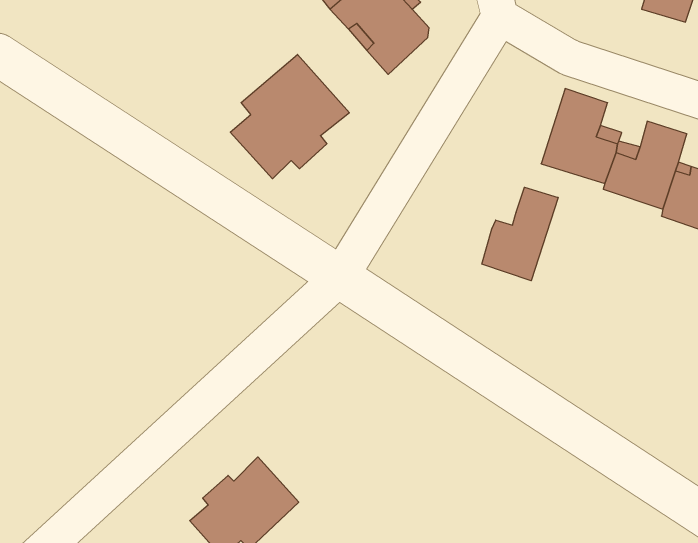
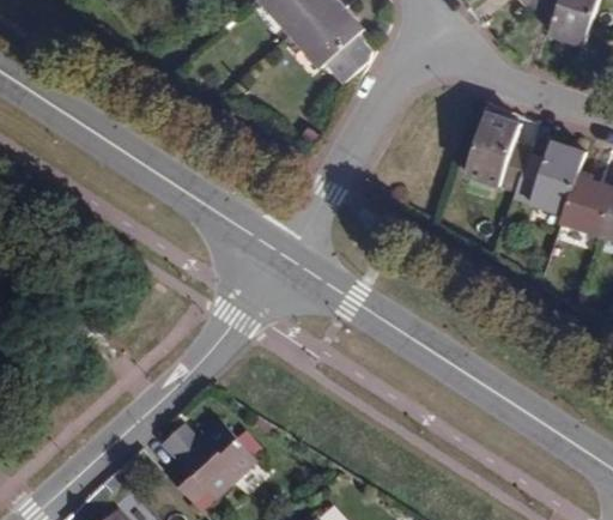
building: [230,54,349,179] -> none
building: [482,187,558,281] -> none

